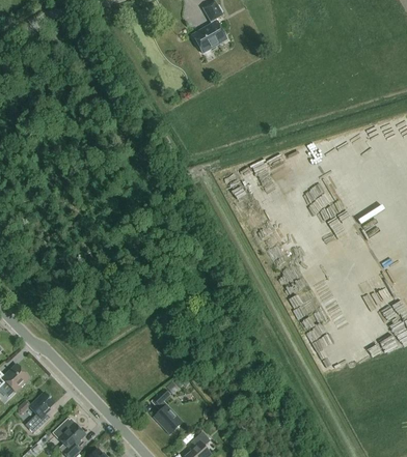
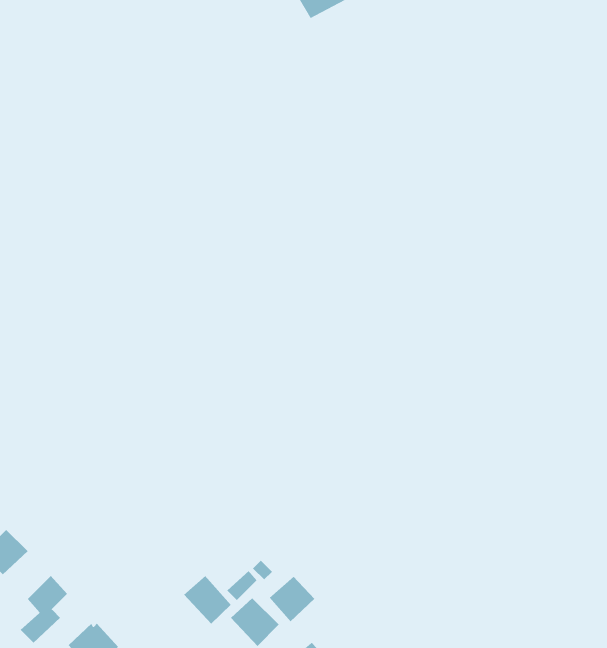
building: none -> [183,575,231,624]
building: none -> [269,576,315,622]

